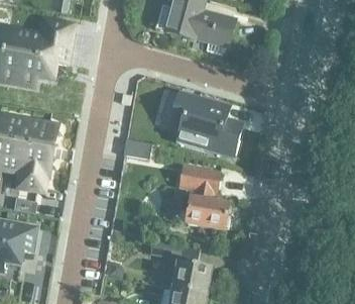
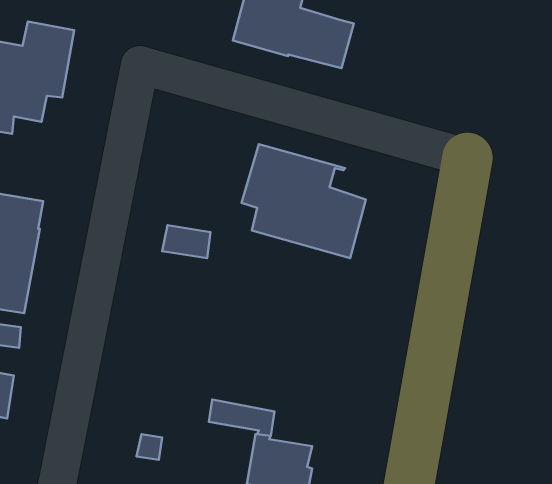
building: [176,165,227,229] -> none

